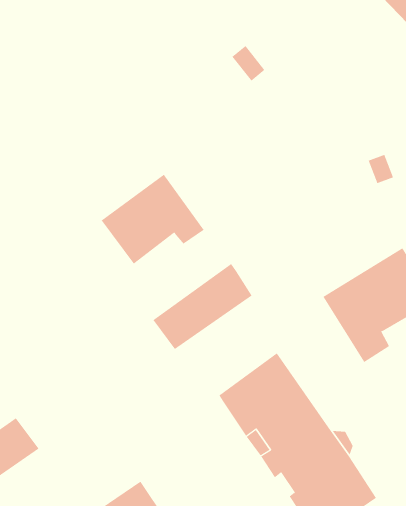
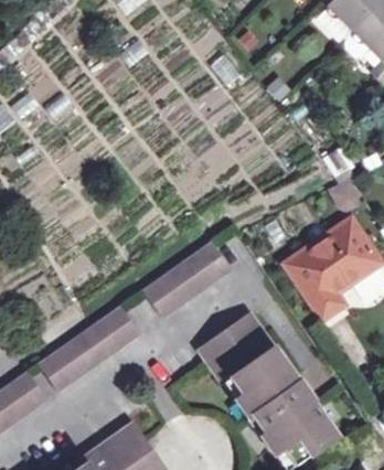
building: [101,174,205,265] -> none
building: none -> [41,303,141,387]

